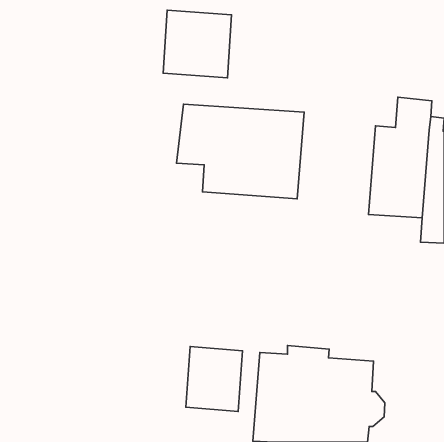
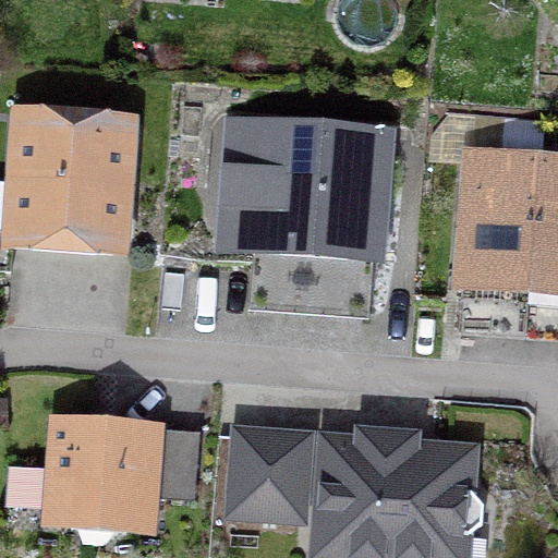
building: [163,10,232,78] -> none
building: none -> [13,124,125,242]
building: none -> [48,421,196,521]

